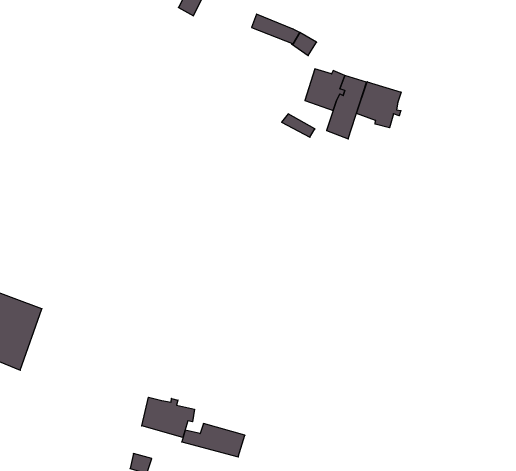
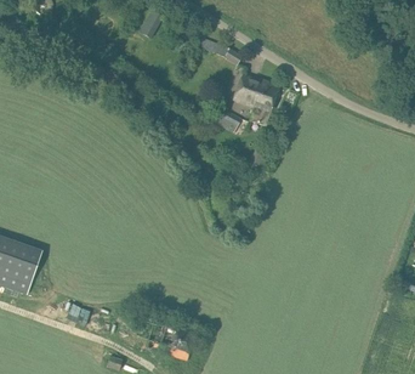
building: [356,82,401,128] -> none
building: [142,397,194,437] -> none

